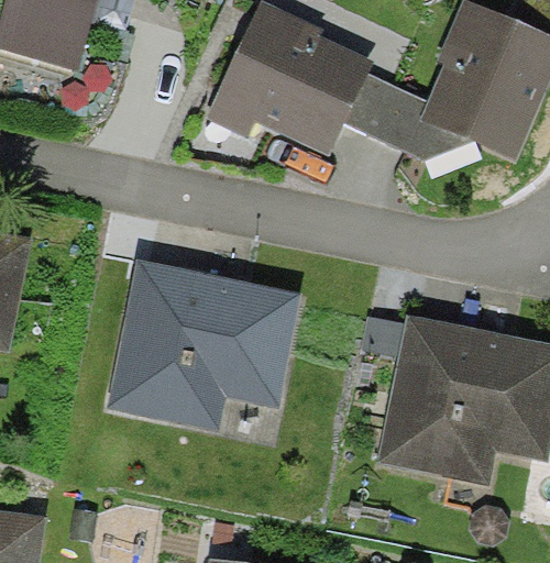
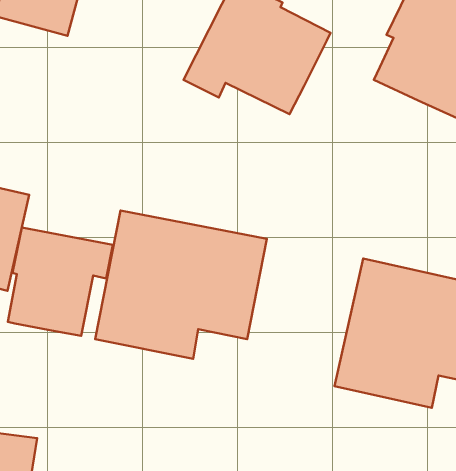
building: [342,71,470,158] -> none
building: none -> [8,227,113,336]

